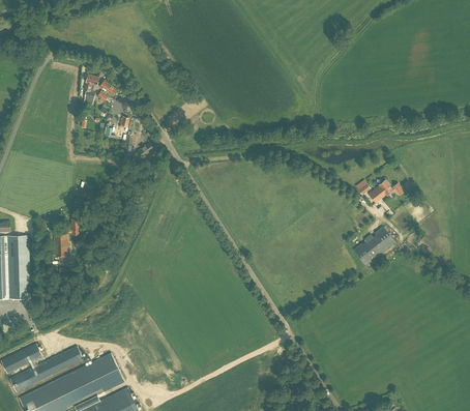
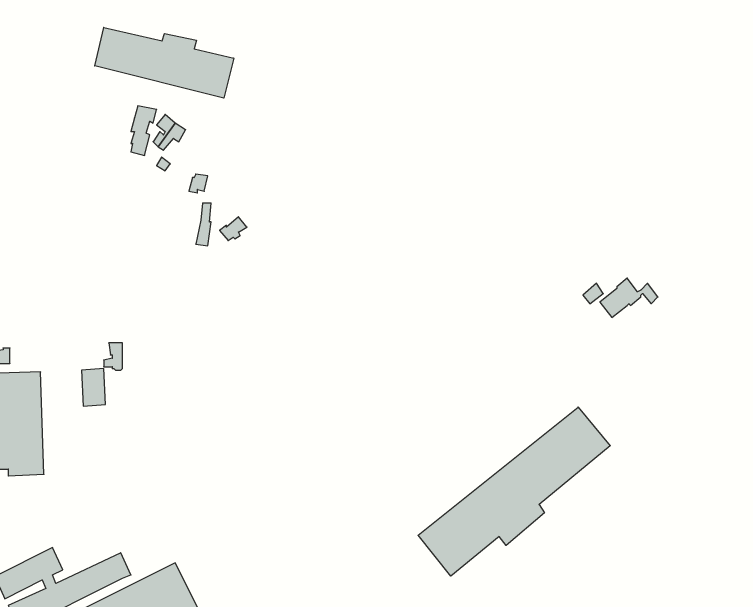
building: none -> [95,27,234,98]
building: [353,226,394,265] -> none
building: none -> [418,407,610,576]

